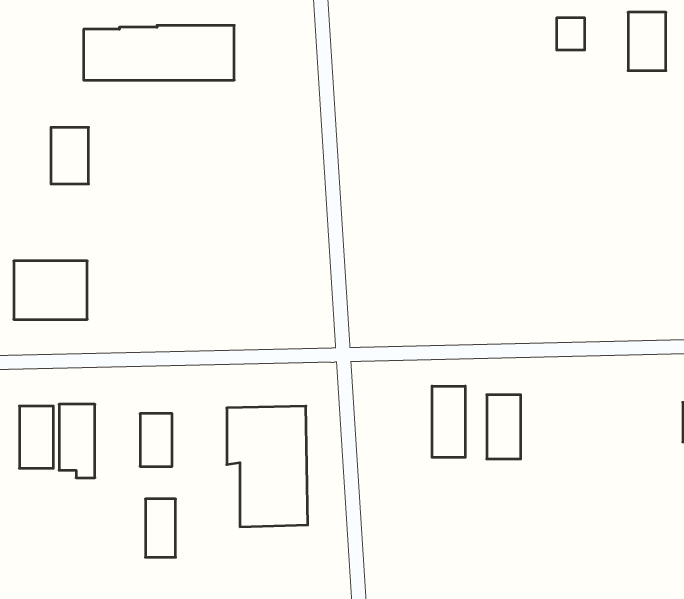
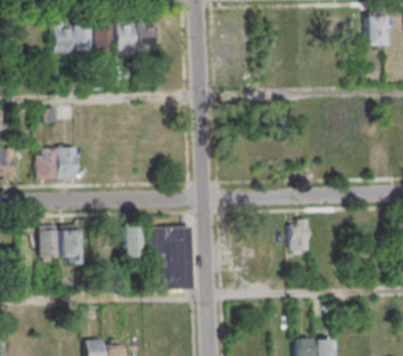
building: [51,127,89,184] -> [53,22,73,53]
building: [432,386,465,457] -> none
building: [145,499,176,557] -> [126,227,142,258]

